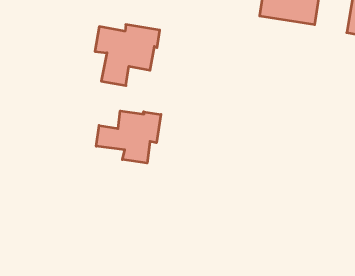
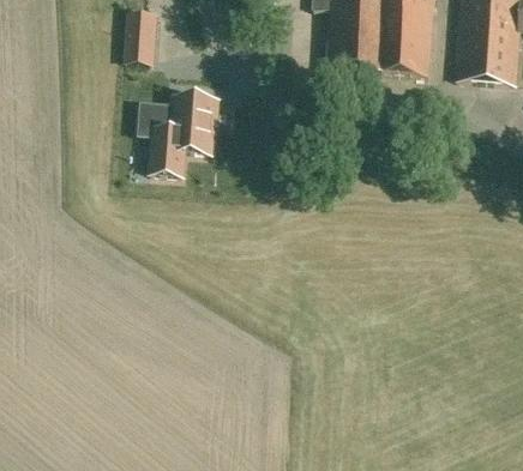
building: [96,111,161,163] -> none

